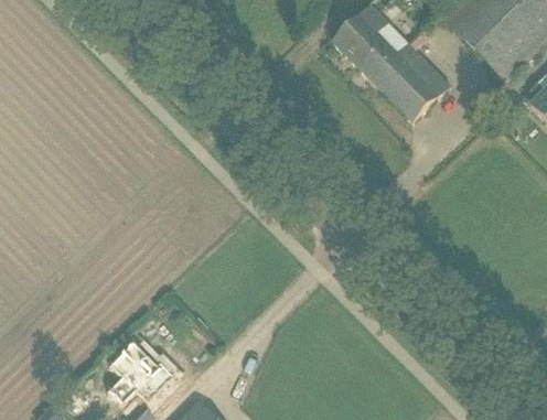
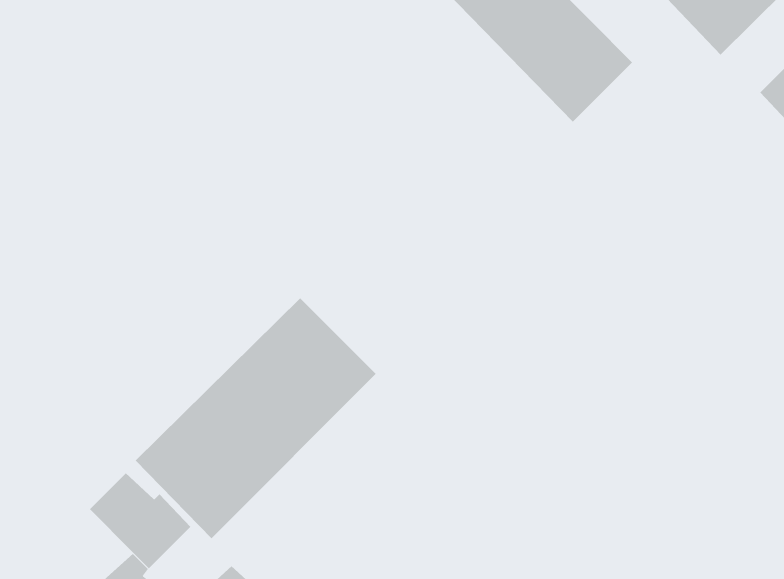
building: none -> [135,298,377,539]

